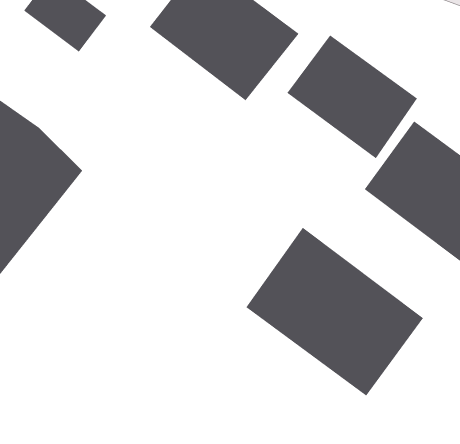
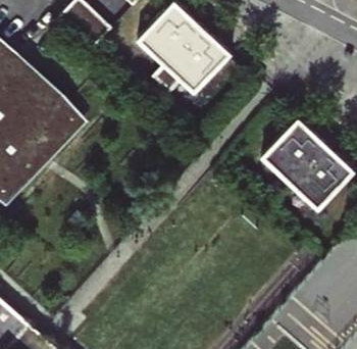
building: [286,34,418,159] -> none
building: [245,227,424,397] -> none

